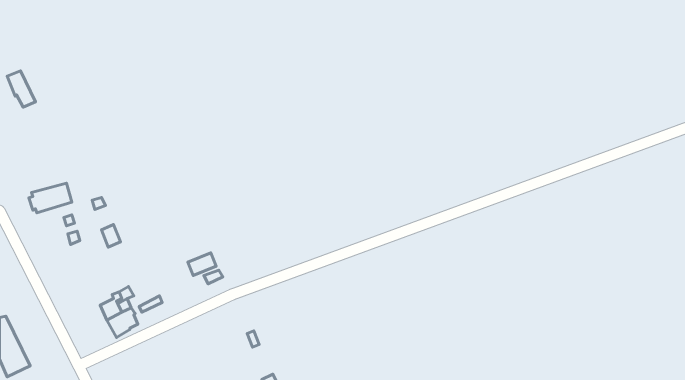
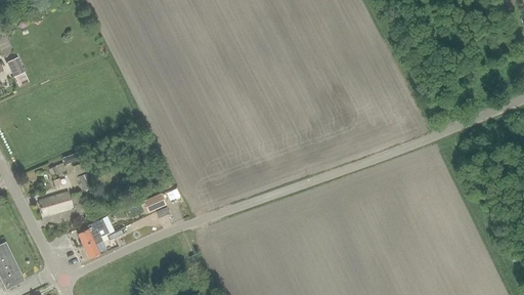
building: [29,183,72,213] -> [40,192,73,214]

